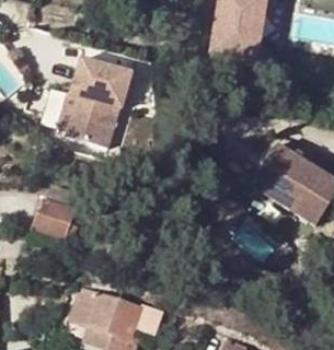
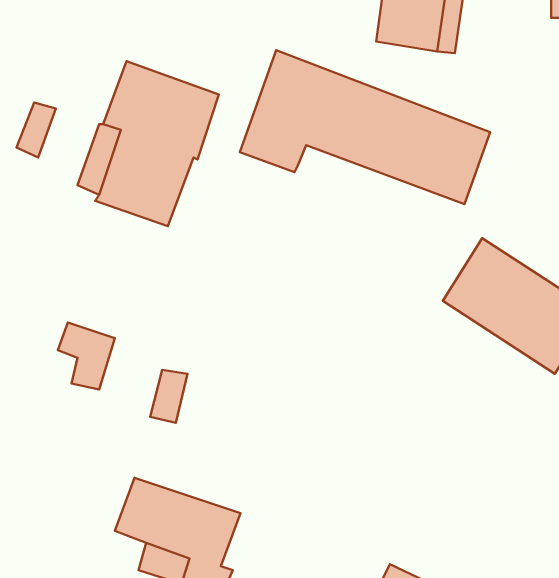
building: none -> [240,50,490,204]

